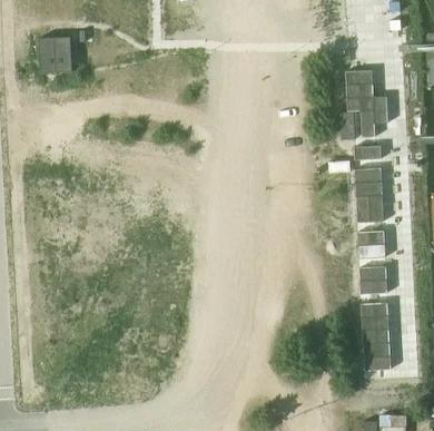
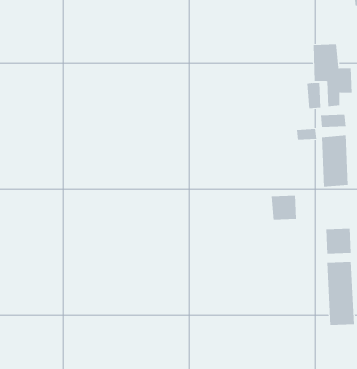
building: [40,36,73,72] -> none
building: [358,231,386,257] -> [271,195,297,220]

